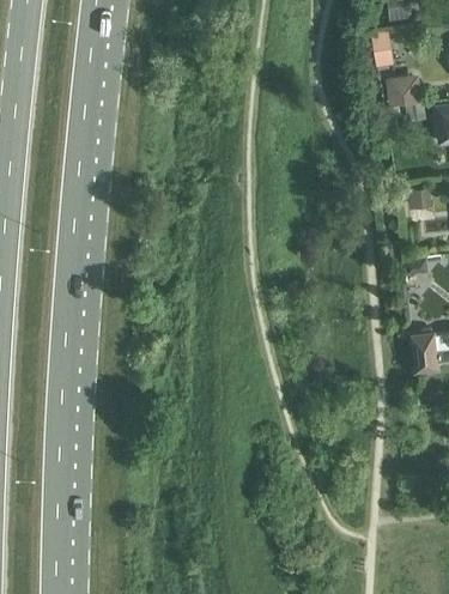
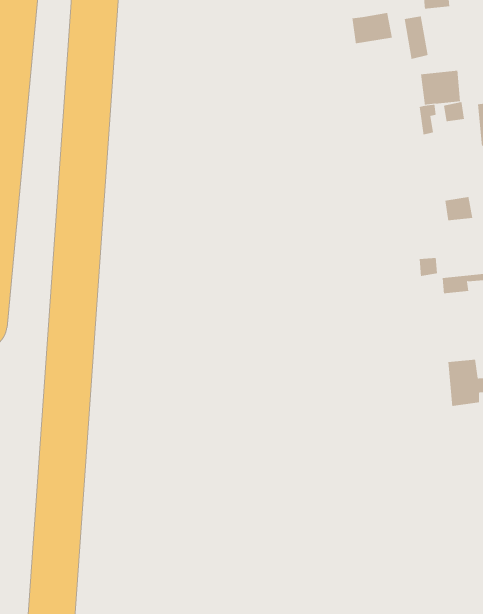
building: none -> [352,12,392,44]

